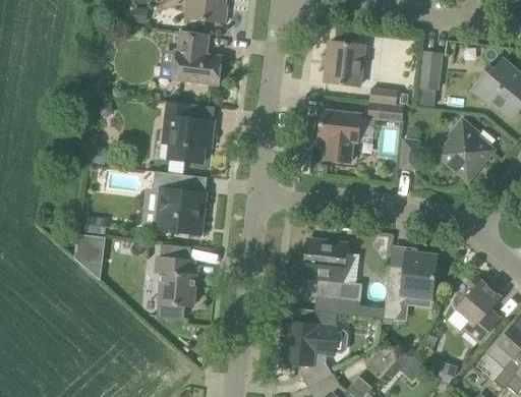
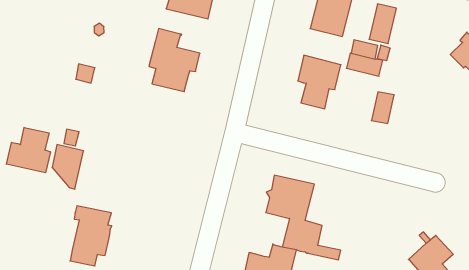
building: [418,51,443,91] -> [369,4,396,44]
building: [442,119,490,177] -> none
building: [153,171,206,234] -> none
building: none -> [6,127,50,173]
building: [384,251,438,319] -> none
building: [157,258,196,318] -> [70,206,112,266]

